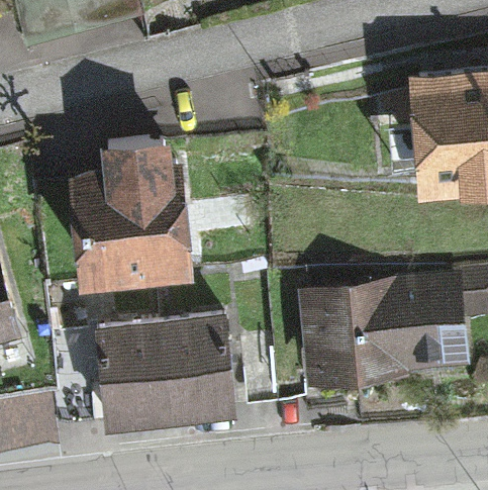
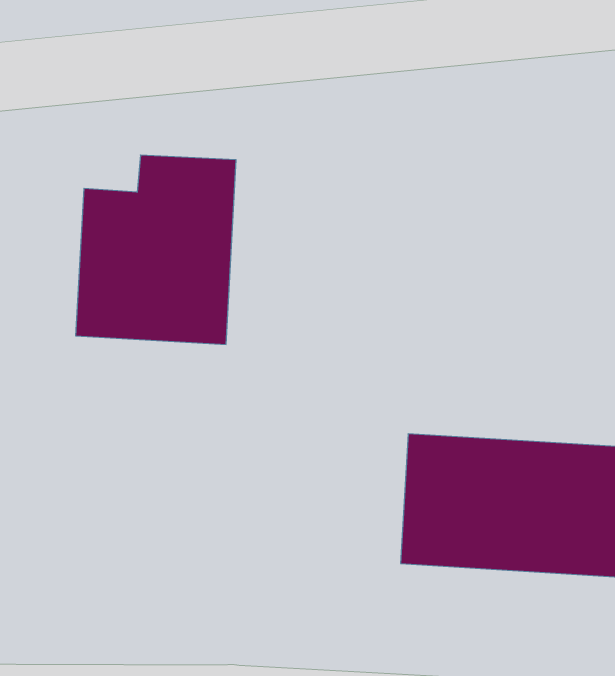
building: [99,319,231,411] -> none

